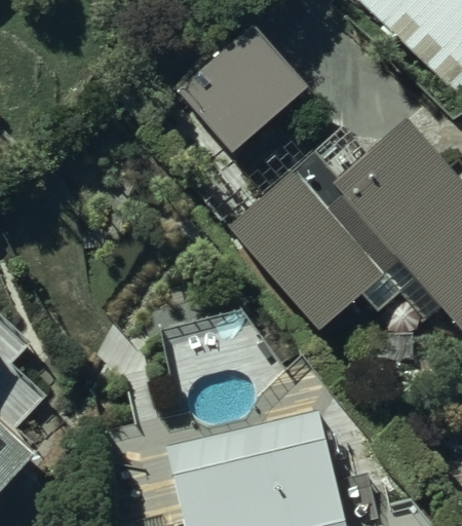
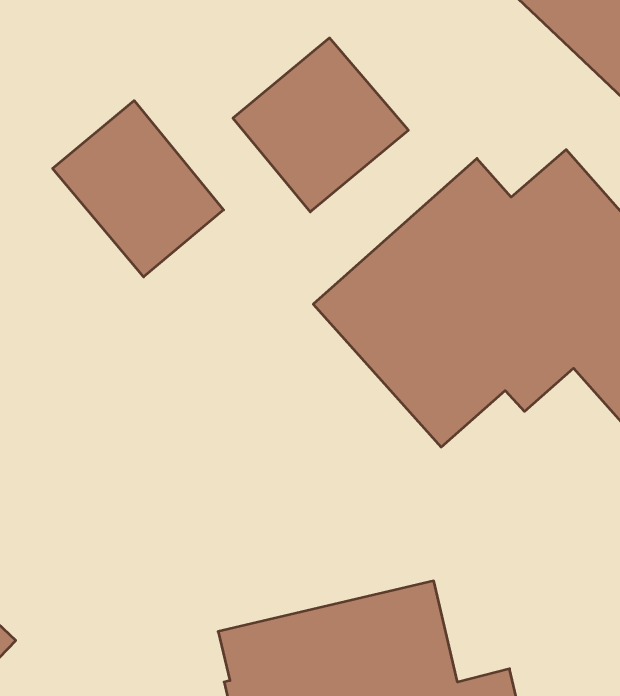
building: none -> [53,101,224,277]

